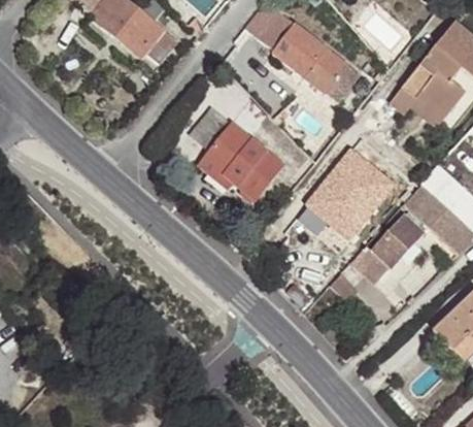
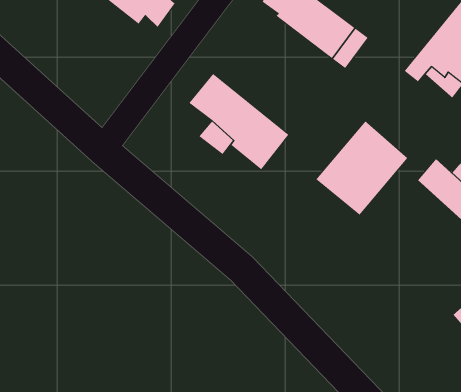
building: [357,215,421,283] -> none

